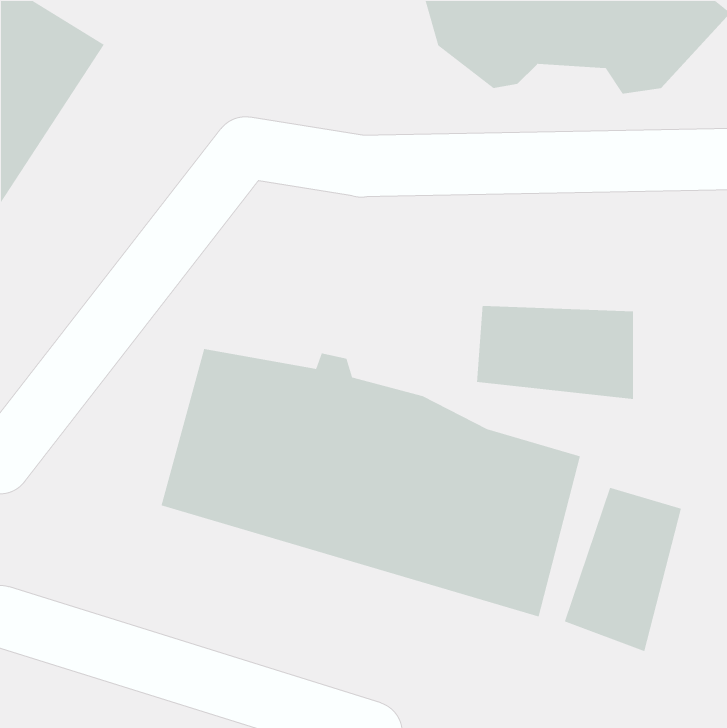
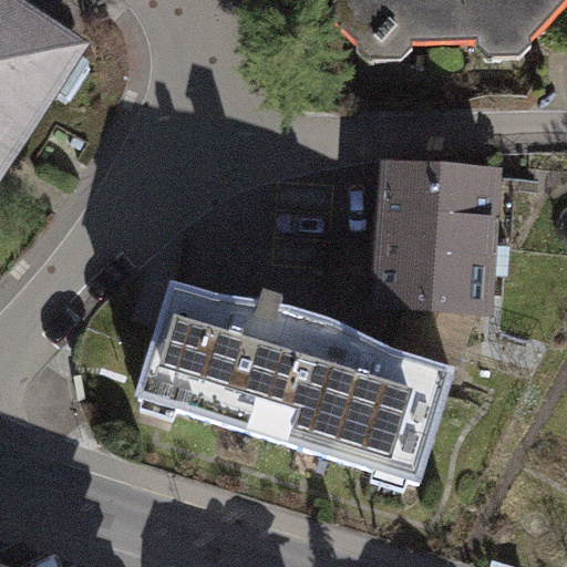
building: none -> [377,158,501,244]
building: [564,487,682,652] -> none

